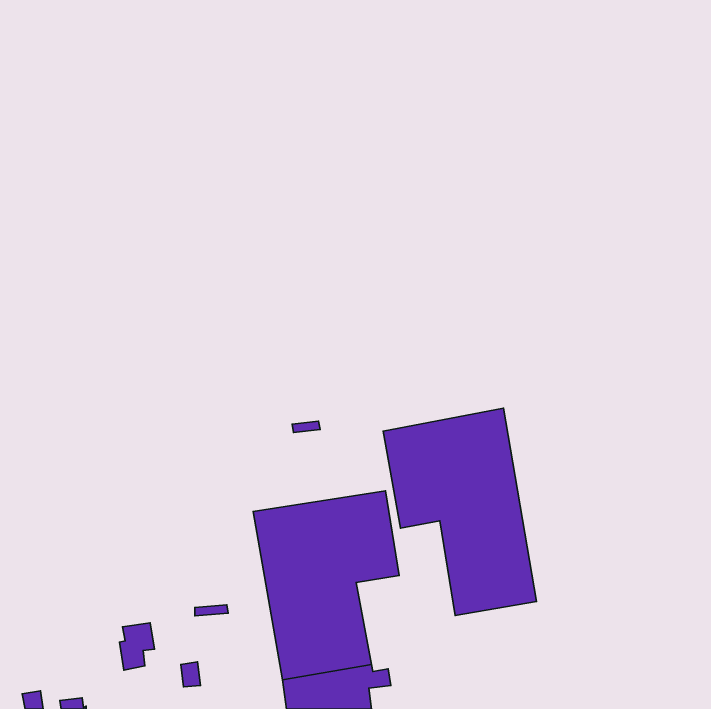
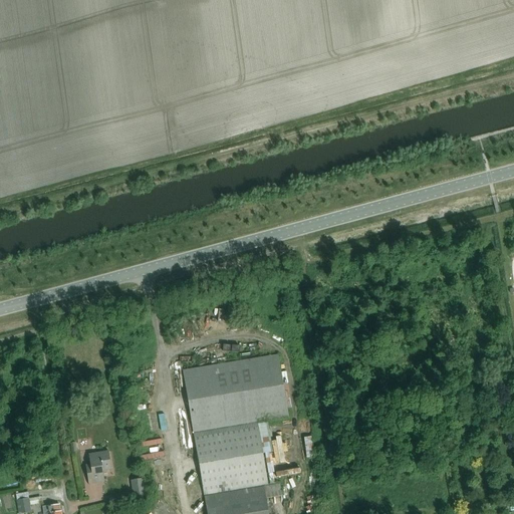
building: [383,408,537,616] -> none

